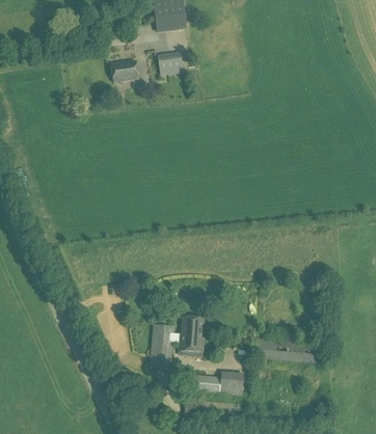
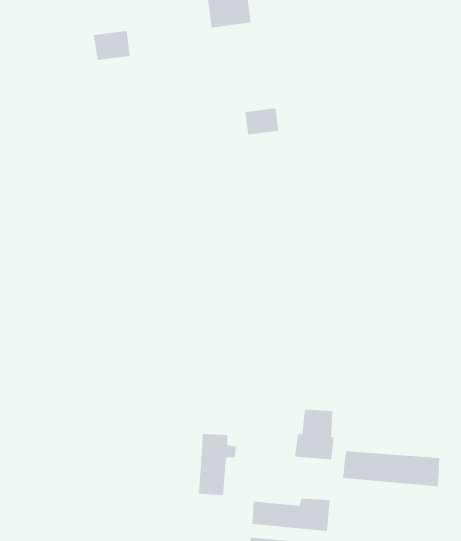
building: [159,54,184,74] -> [244,108,279,135]
building: [111,60,138,82] -> [93,30,130,61]
building: [174,316,204,352] -> [294,409,335,460]

